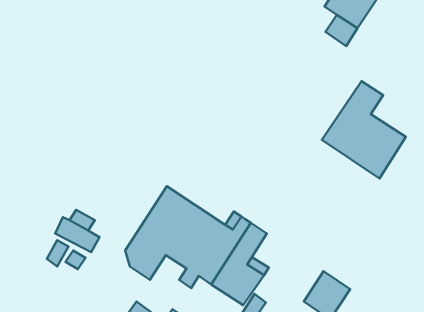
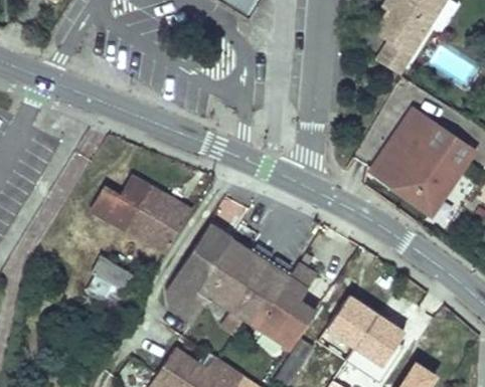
building: none -> [426,127,476,171]
building: none -> [91,168,192,253]
building: none -> [326,296,375,346]

